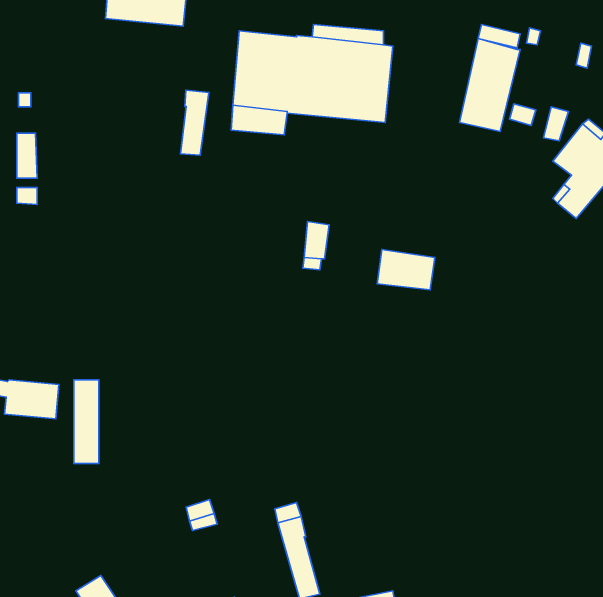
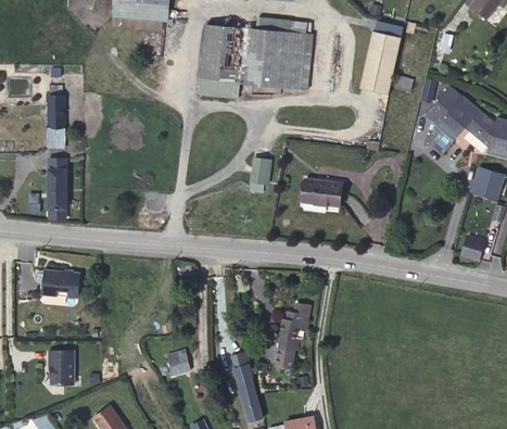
building: [180,90,209,155] -> none
building: [74,380,99,463] -> [48,159,65,217]
building: none -> [276,311,307,367]
building: none -> [48,349,73,382]

